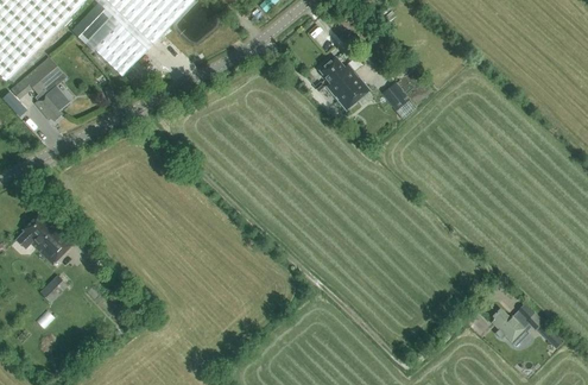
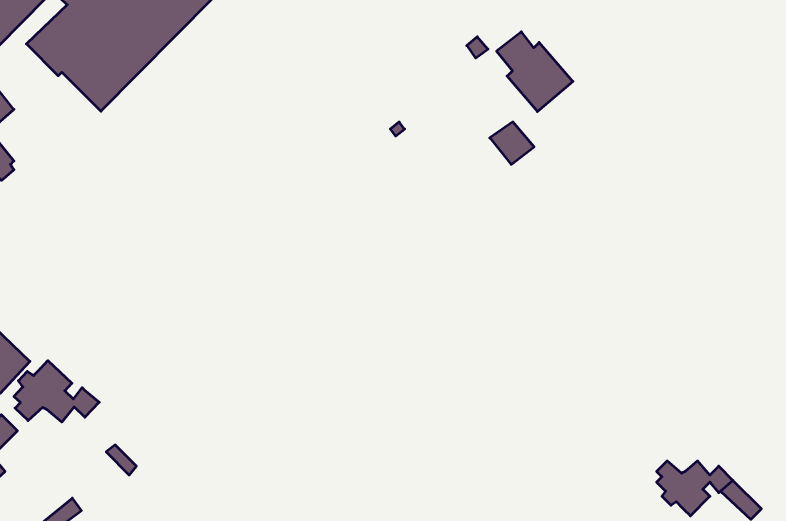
building: [321,57,372,111] -> [497,32,573,112]
building: none -> [14,361,99,422]

